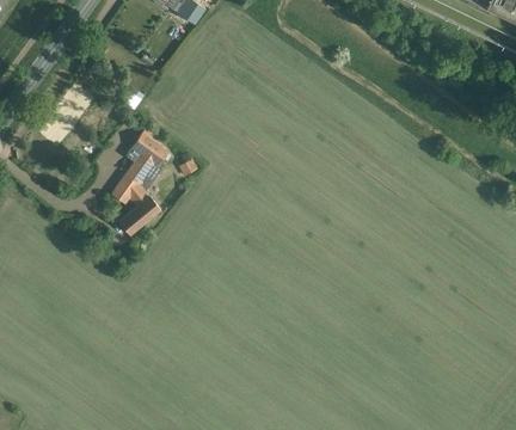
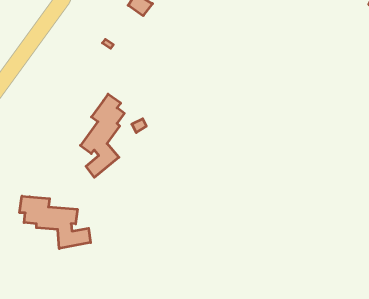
building: none -> [20,196,91,249]

